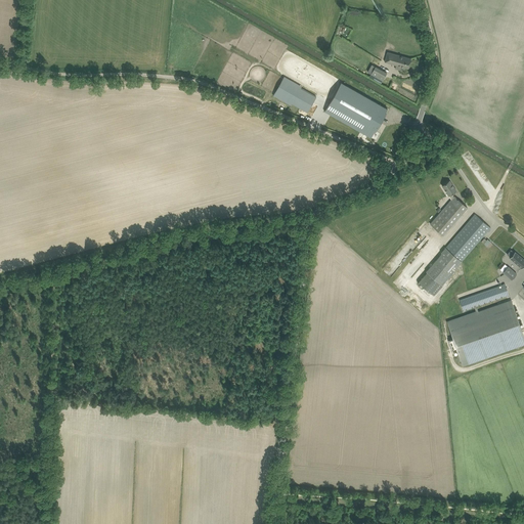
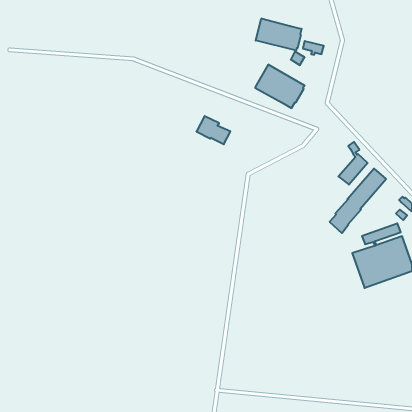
building: none -> [256,18,302,51]
building: [272,76,315,112] -> [196,116,230,144]

